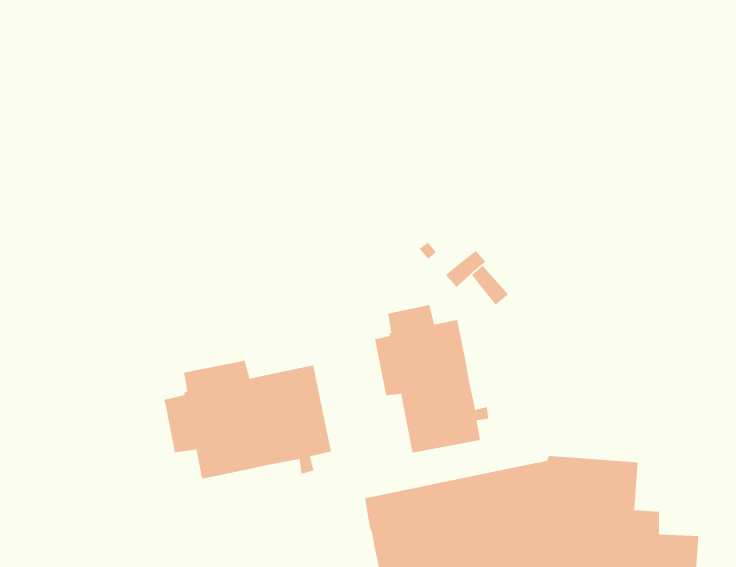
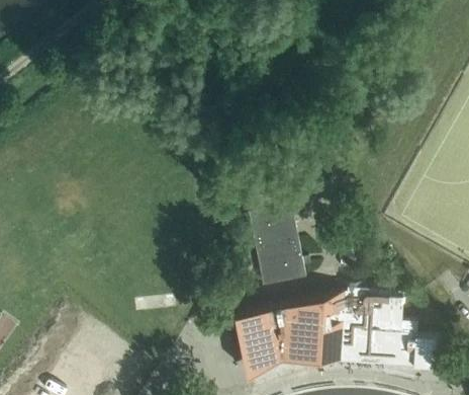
building: [163,360,332,479] -> none

